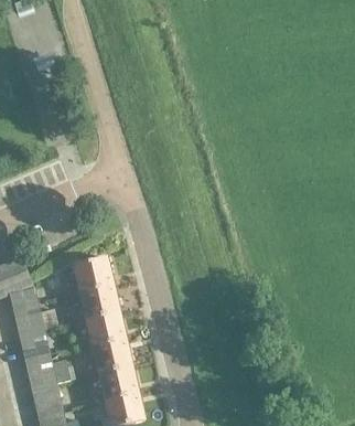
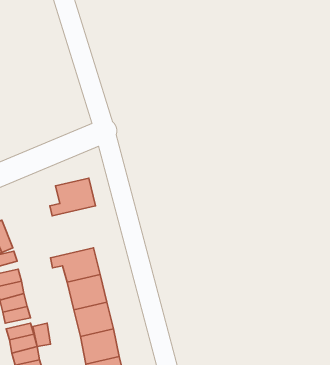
building: [67,257,112,295] -> [50,178,95,216]

